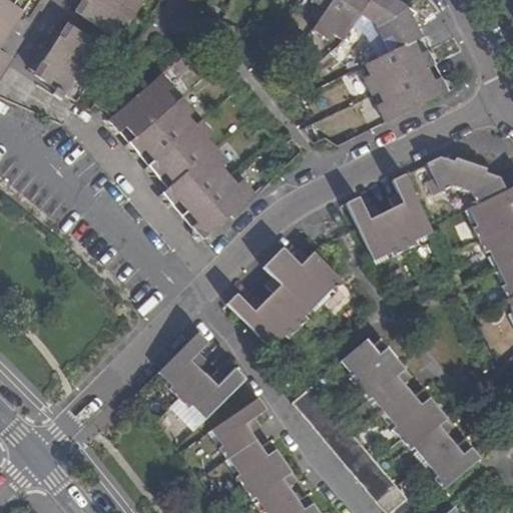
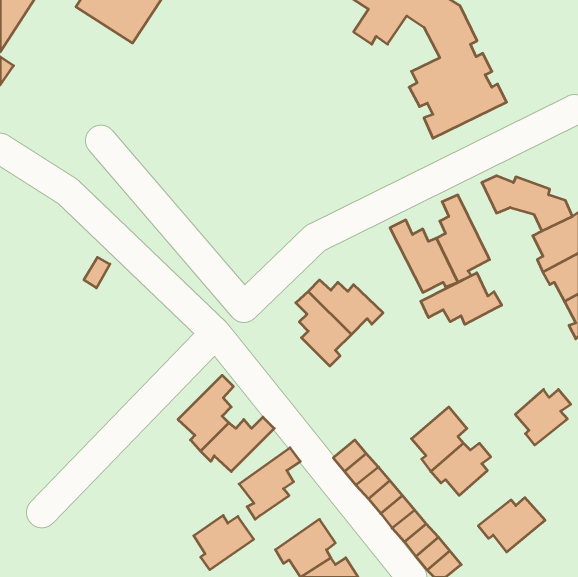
building: [28,19,111,100] -> none
building: [109,72,258,237] -> none
building: none -> [421,273,502,324]
building: [225,294,293,343] -> none
building: [341,342,398,388] -> none
building: [407,416,456,465] -> [515,389,571,445]
building: [230,438,284,486] -> [194,515,254,570]

